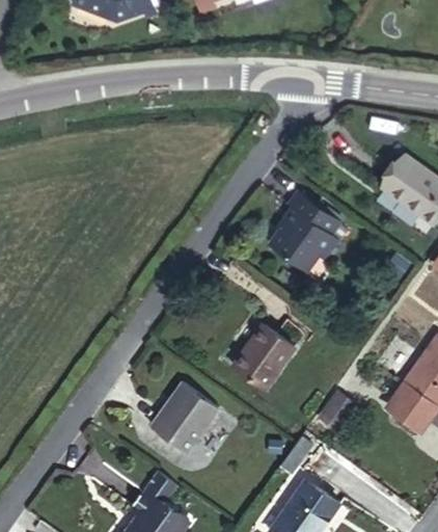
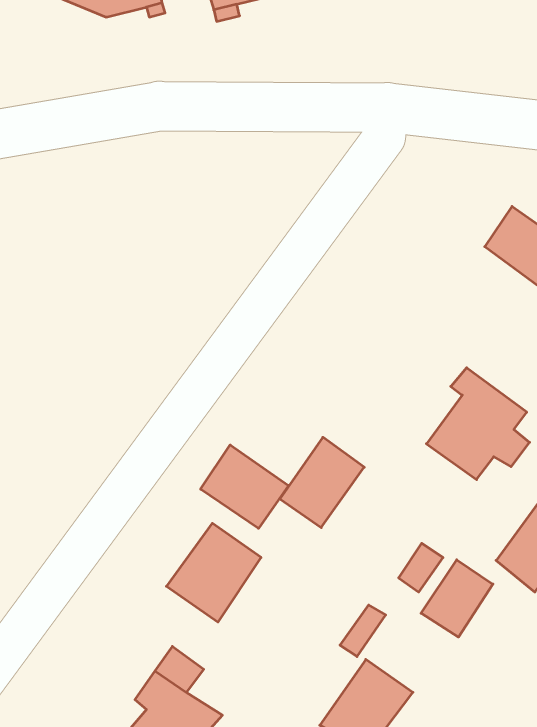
building: [271,188,346,269] -> [426,368,530,480]
building: none -> [201,445,289,528]
building: none -> [421,560,493,637]

